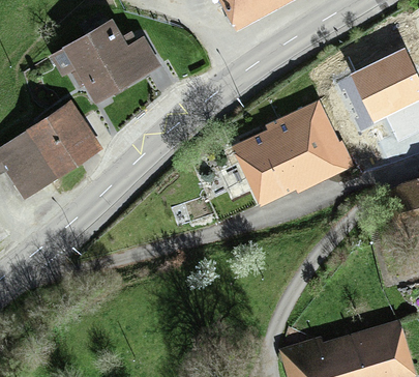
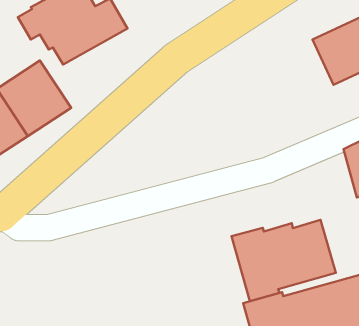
building: [232,99,354,204] -> none
building: none -> [232,220,336,301]

